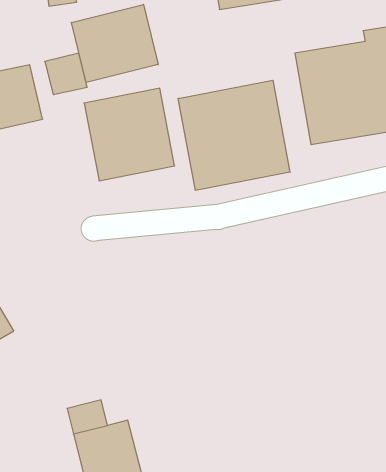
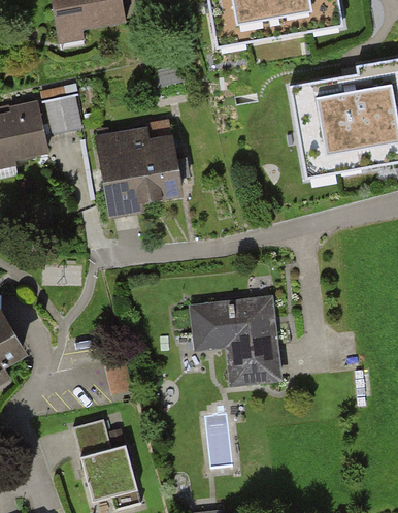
building: [71,4,158,83] -> none
building: [178,80,290,190] -> none
building: none -> [189,291,281,386]

